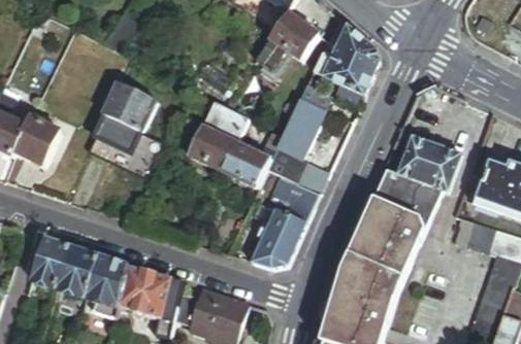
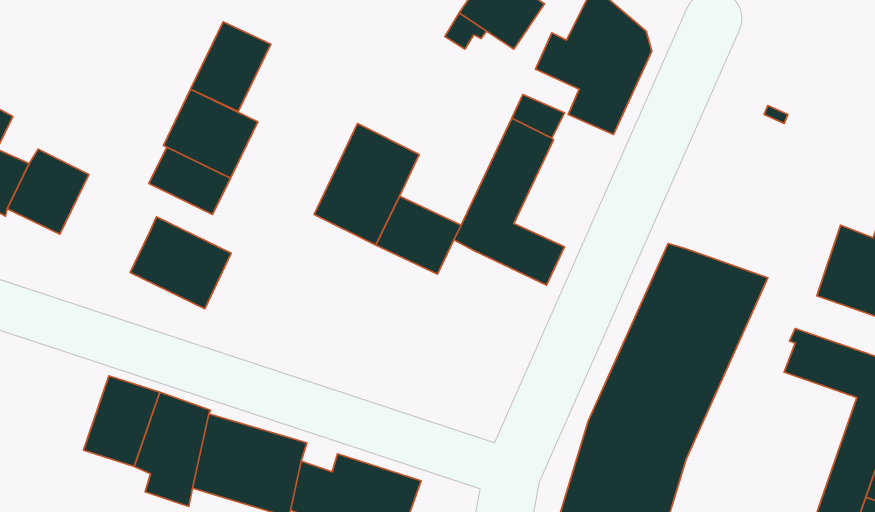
building: none -> [190,22,271,112]
building: [398,134,461,190] -> none
building: none -> [130,217,231,309]
building: [251,173,319,267] -> none
building: [30,236,70,286] -> none

